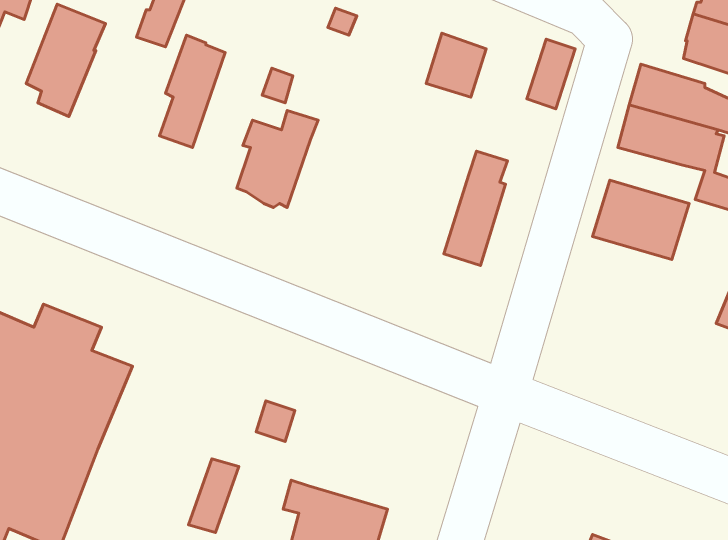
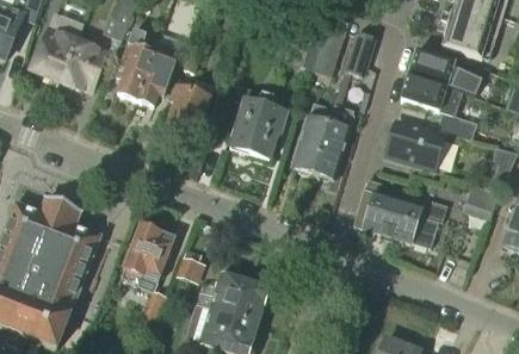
building: none -> [313,25,346,76]
building: none -> [138,32,181,106]
building: none -> [62,41,109,88]
building: none -> [230,85,290,160]
building: none -> [316,104,354,178]
building: none -> [353,178,443,247]
building: none -> [122,224,174,284]
building: none -> [210,273,270,323]

